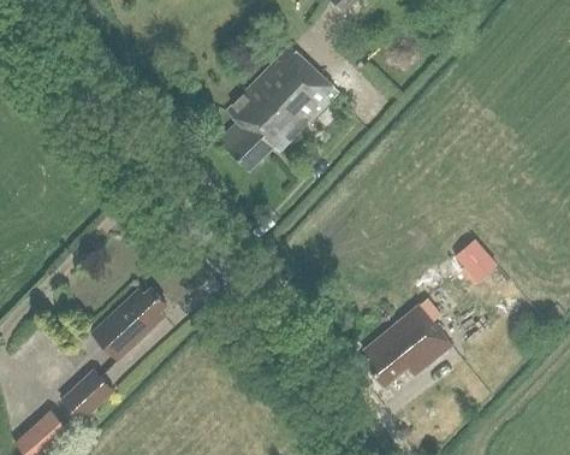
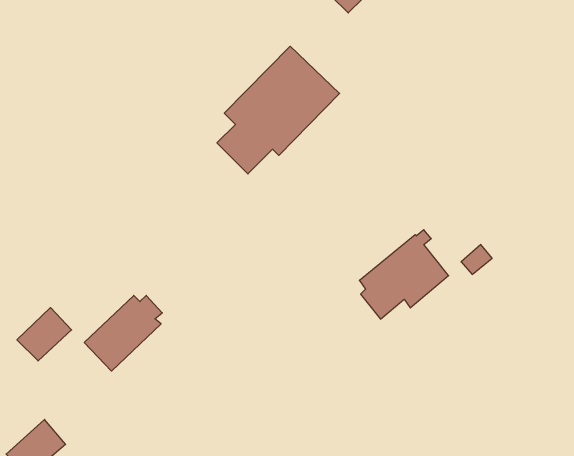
building: [364,300,451,386] -> [359,230,449,319]
building: [59,367,112,419] -> [17,308,72,361]

